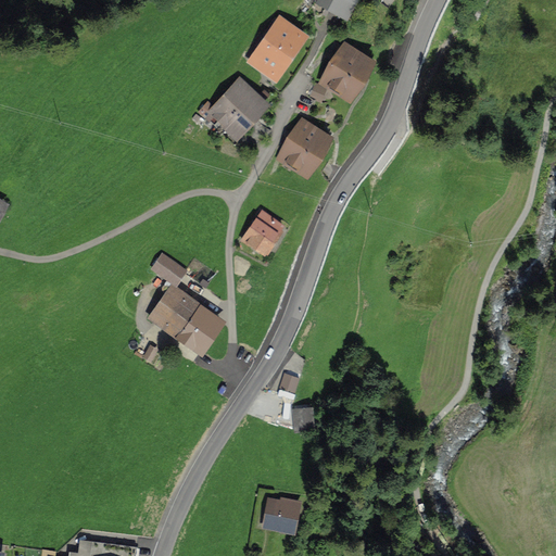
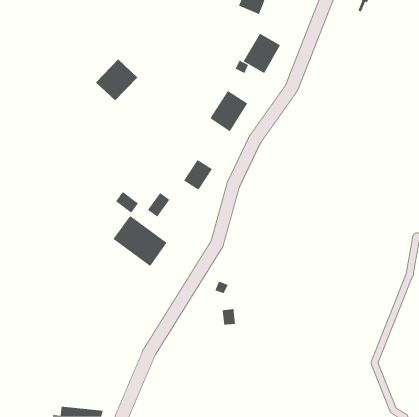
building: [245,16,304,79] -> none
building: [210,79,266,136] -> [95,59,138,101]
building: none -> [147,192,170,217]
building: [263,500,295,530] -> none

